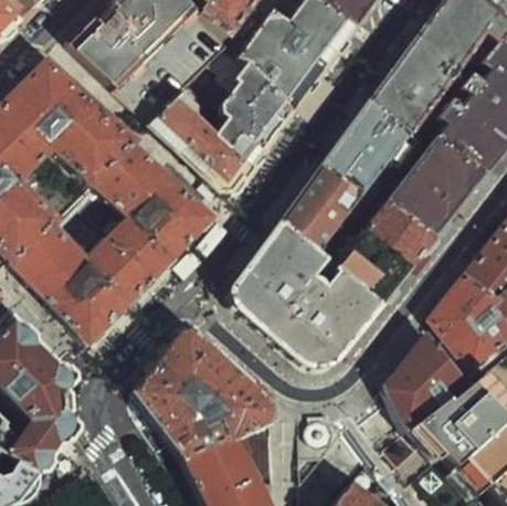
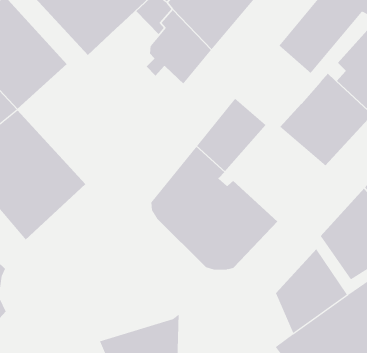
building: [149,88,263,189] -> none
building: [324,97,422,191] -> none
building: [71,133,211,272] -> none
building: [327,192,434,303] -> none
building: [135,329,273,454] -> none

